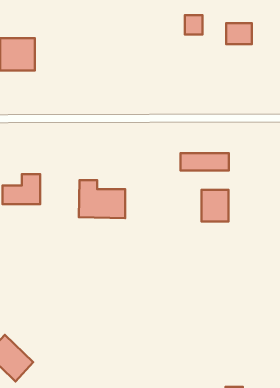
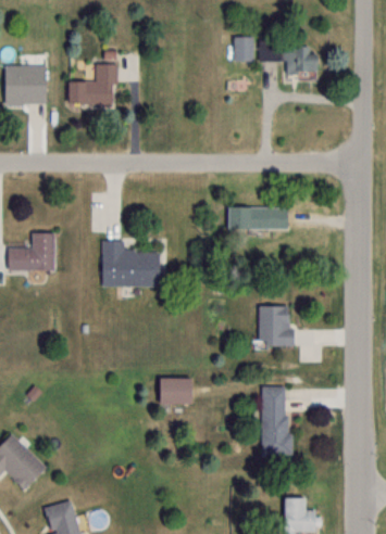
building: none -> [69,64,116,105]
building: [201,190,229,221] -> [259,305,292,344]
building: none -> [159,378,191,403]
building: none -> [261,385,292,454]

